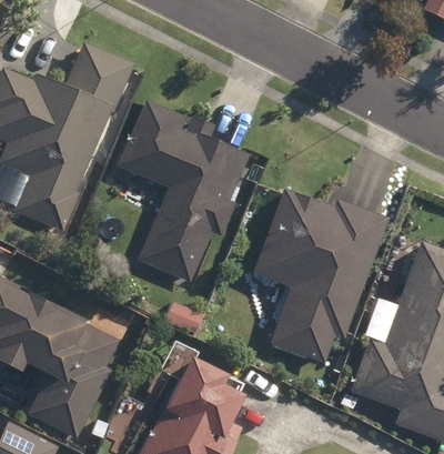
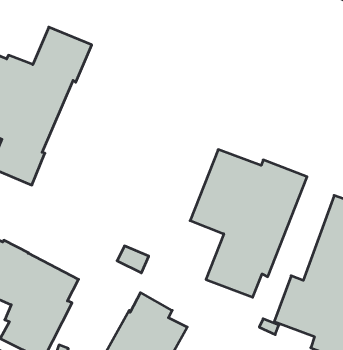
building: [118,100,251,281] -> none

